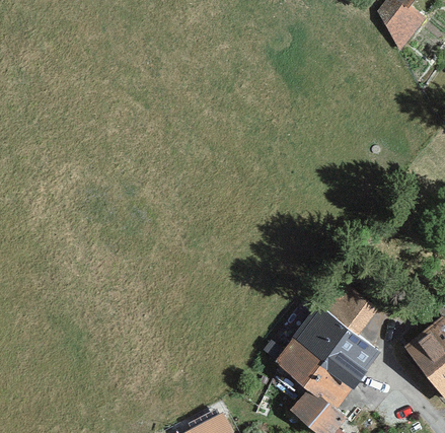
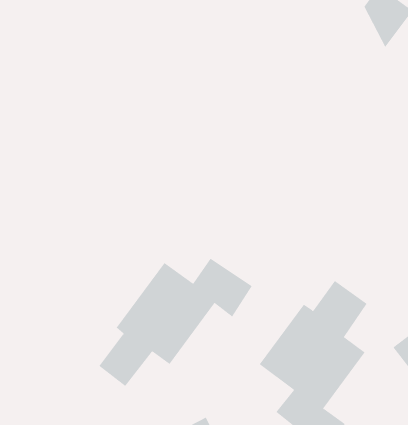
building: none -> [98,258,252,387]

